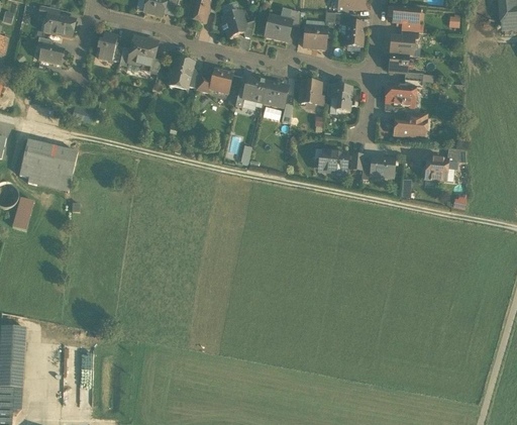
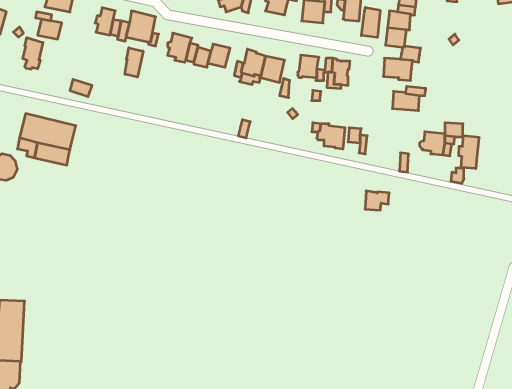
building: none -> [361,7,380,37]
building: none -> [23,38,43,69]
building: none -> [125,48,143,77]
building: [371,157,395,177] -> [365,191,389,210]
building: none -> [459,136,479,169]
building: [12,197,34,230] -> none

